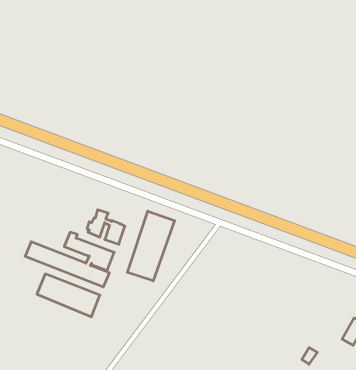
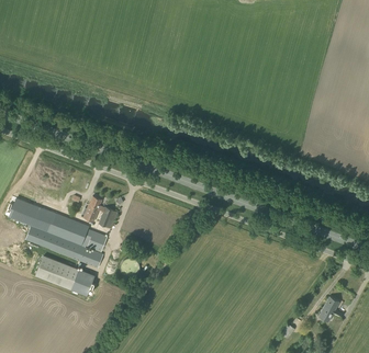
building: [127,211,175,281] -> none
building: none -> [9,198,56,231]

